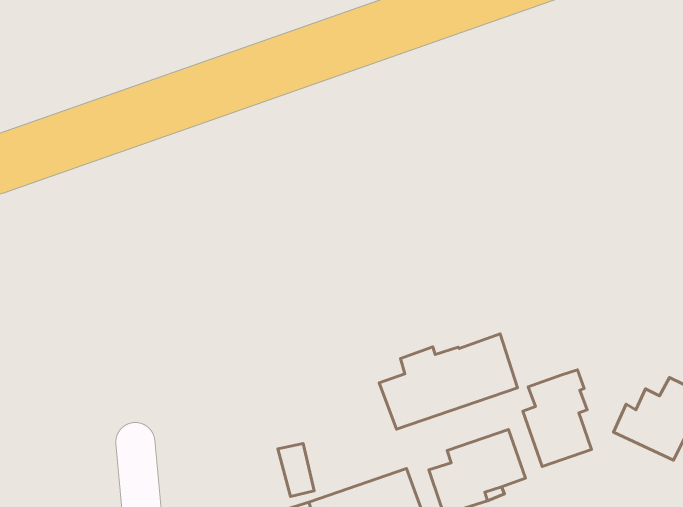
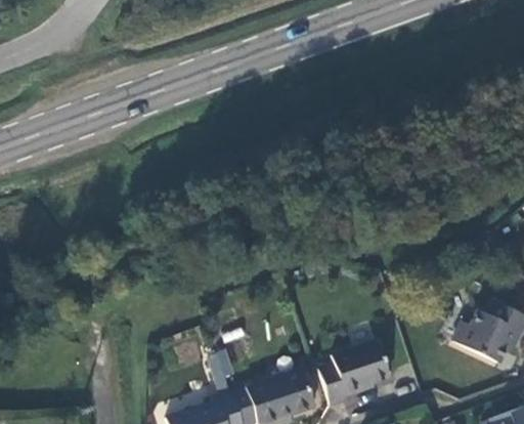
building: [379,334,518,429] -> none
building: [523,370,591,467] -> none

